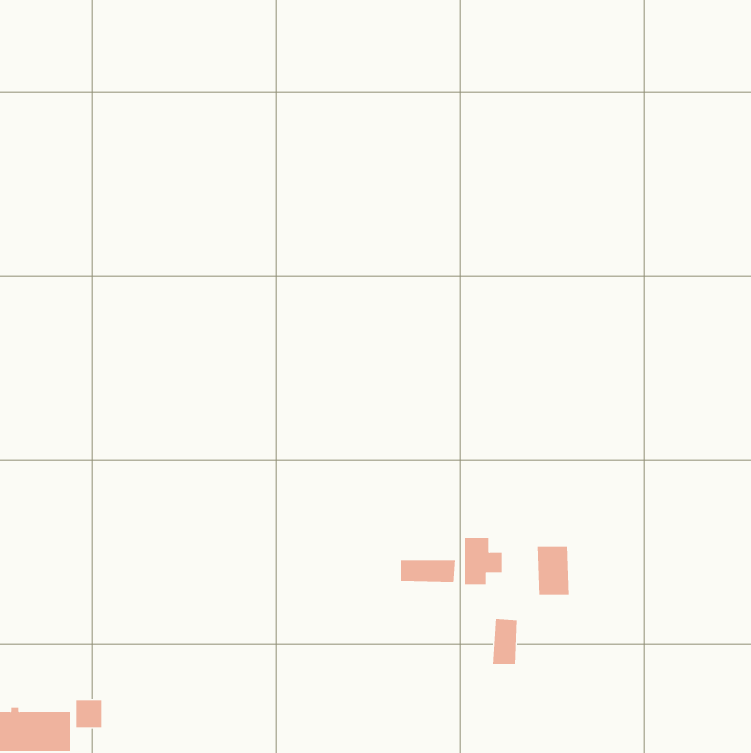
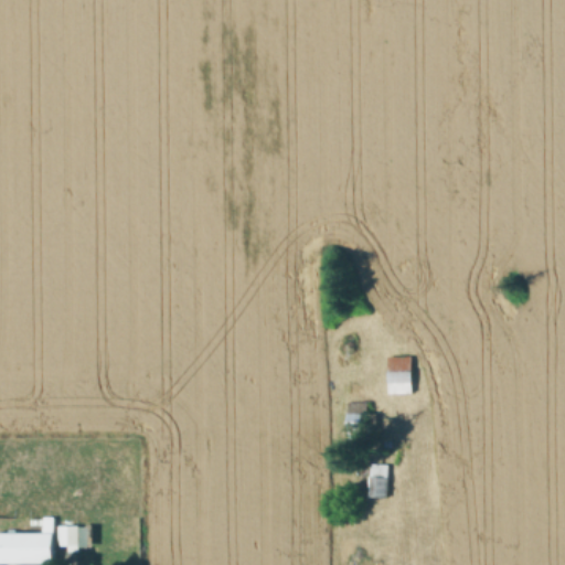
building: [537,546,569,595] -> [386,356,411,393]
building: [401,560,456,583] -> none

